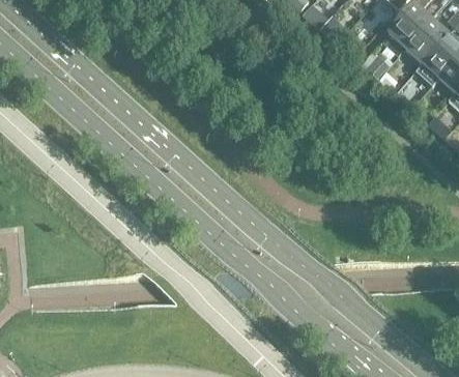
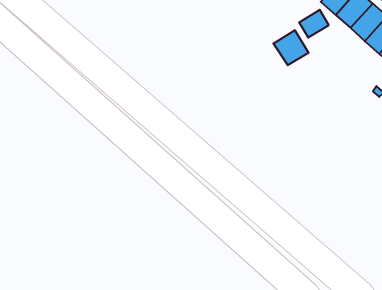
building: none -> [273,30,309,65]

